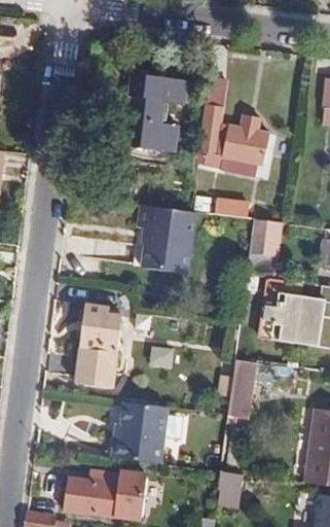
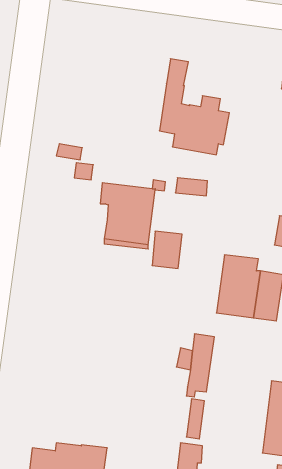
building: [127,73,187,151] -> none
building: [250,218,281,256] -> [152,231,182,268]
building: [73,304,121,389] -> none
building: [110,401,167,464] -> none

